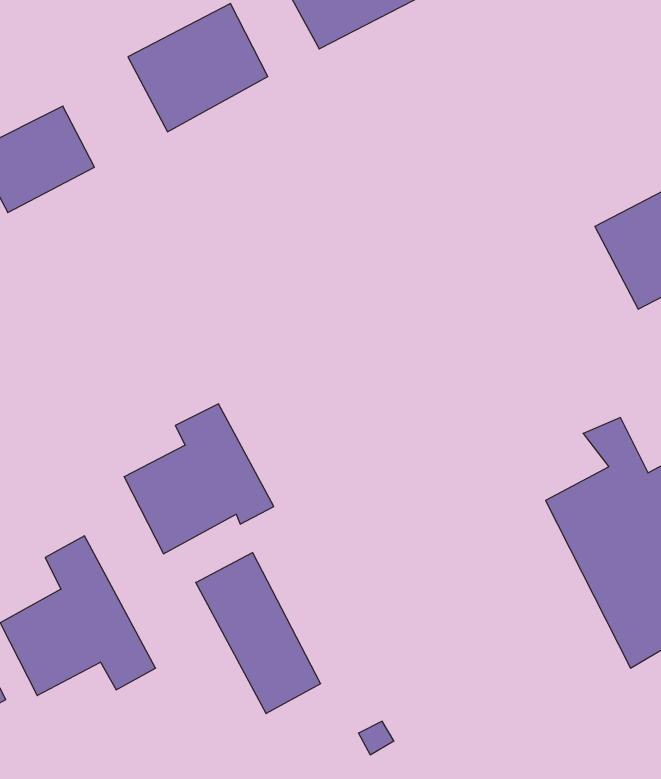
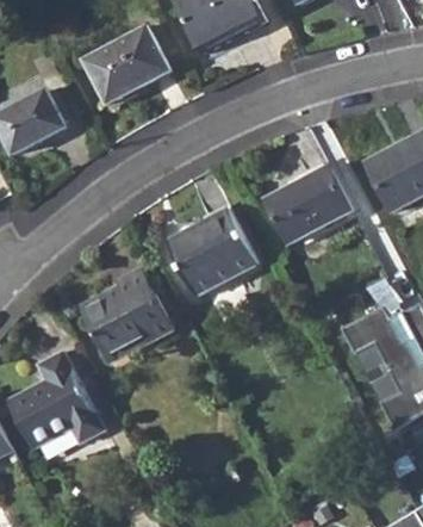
building: none -> [266,167,353,246]
building: none -> [169,209,257,298]
building: [196,553,321,714] -> none

